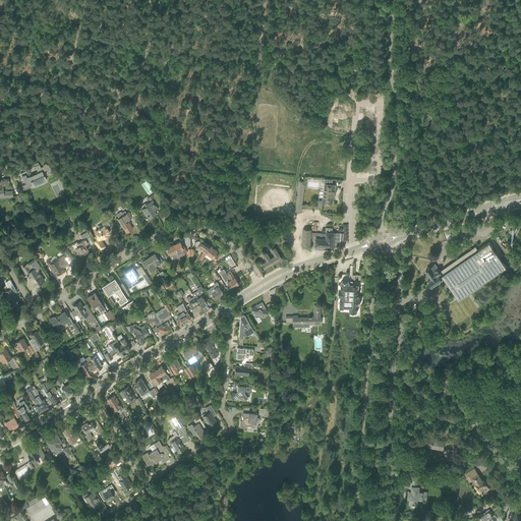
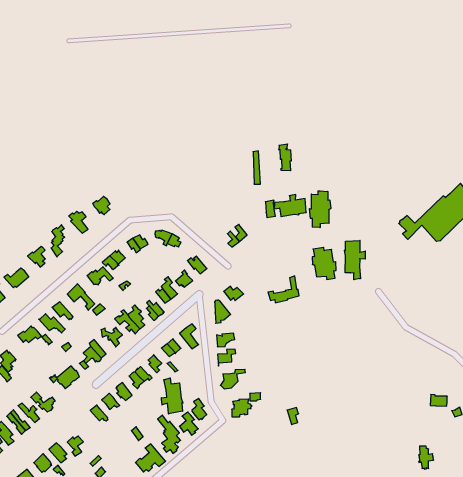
building: none -> [309,191,331,228]
building: none -> [344,240,365,280]
building: none -> [161,378,183,414]

